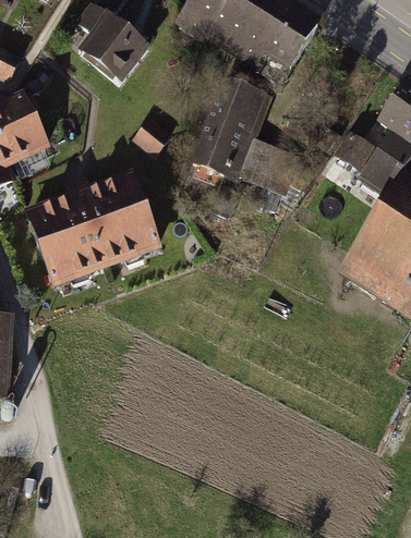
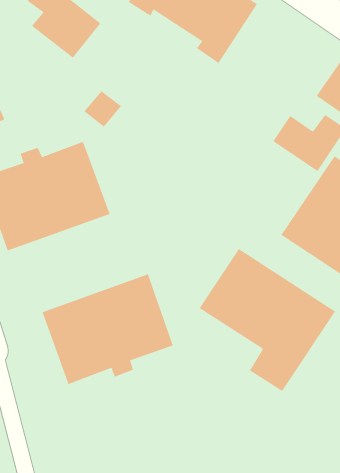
building: [191,80,299,195] -> none
building: none -> [199,248,336,392]
building: none -> [42,274,174,385]

